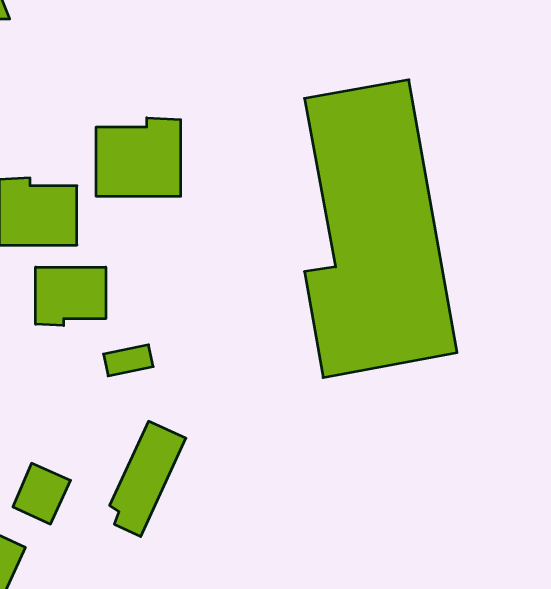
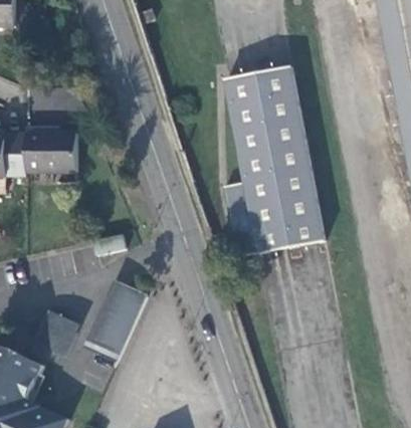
building: [96,118,181,196] -> none
building: [36,267,106,326] -> none

